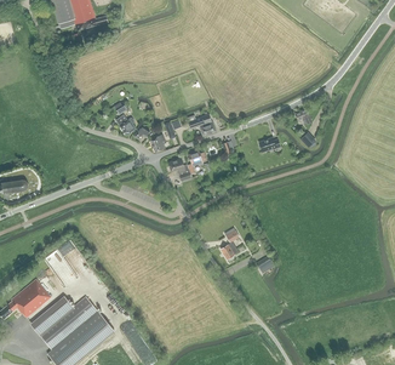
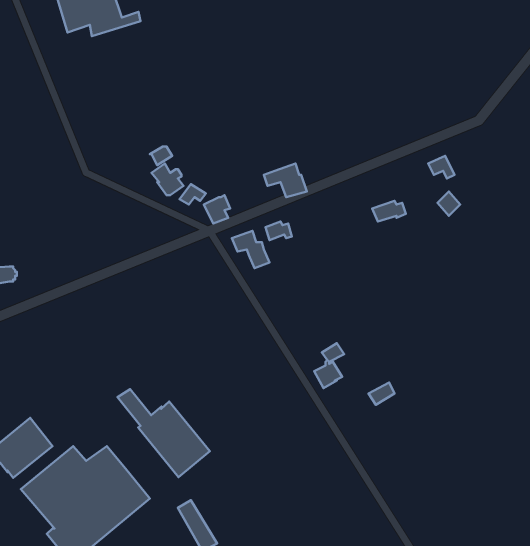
building: none -> [117,389,210,477]

